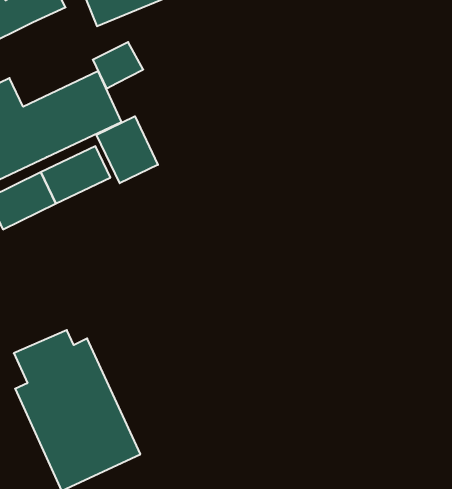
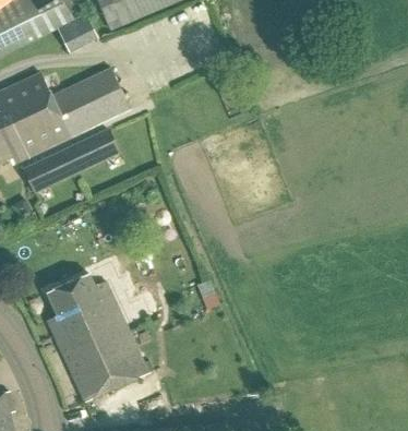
building: [93,42,143,88] -> [58,14,98,51]
building: [97,116,158,183] -> none

